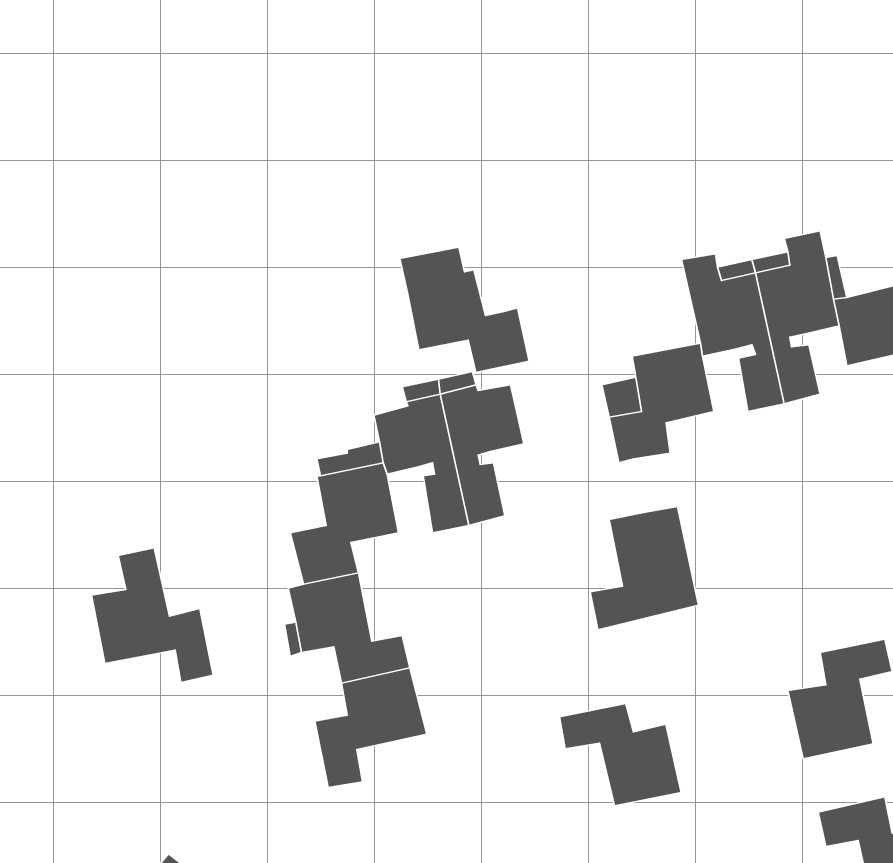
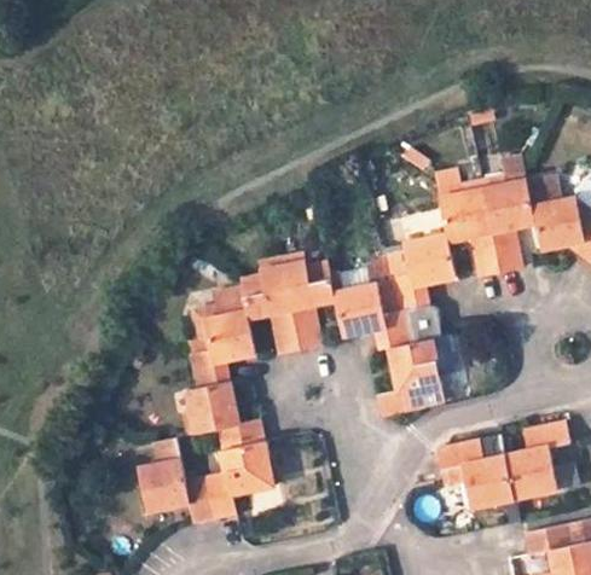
building: [400,247,529,373] -> [331,271,413,350]
building: [92,548,213,683] -> [134,437,212,523]
building: [559,703,681,806] -> [436,443,514,509]

